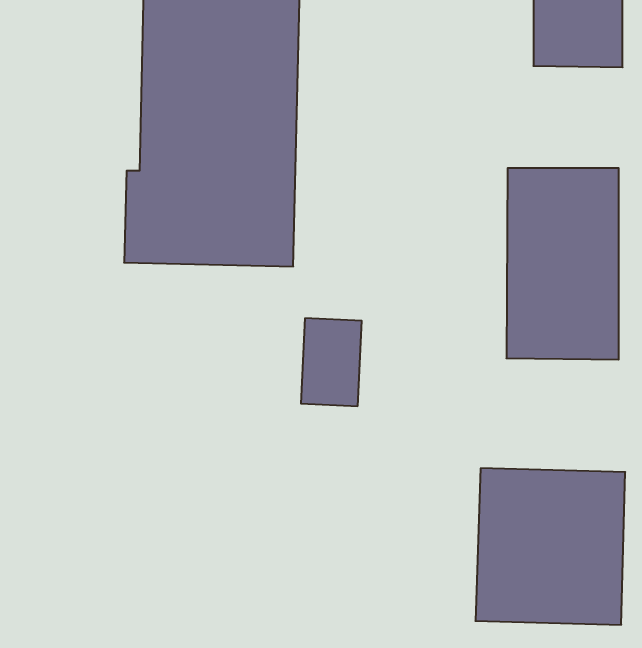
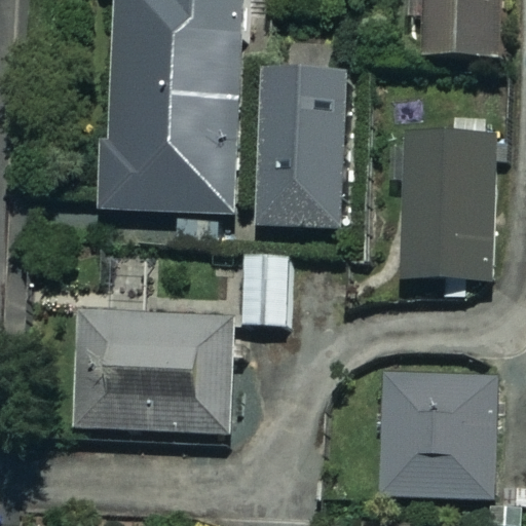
building: none -> [259,70,347,227]
building: none -> [74,309,229,428]

